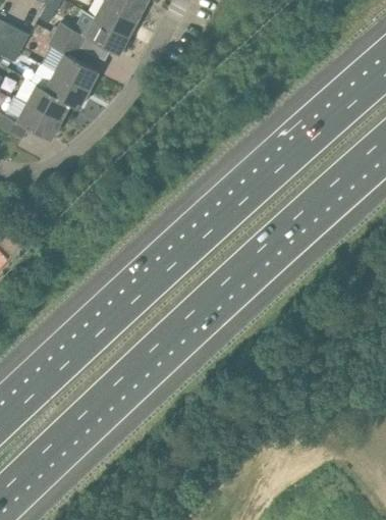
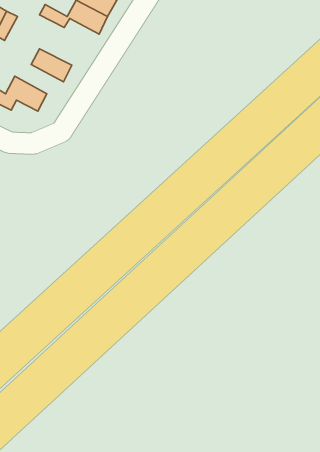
building: [47,33,99,89] -> none
building: [25,83,79,120] -> none

